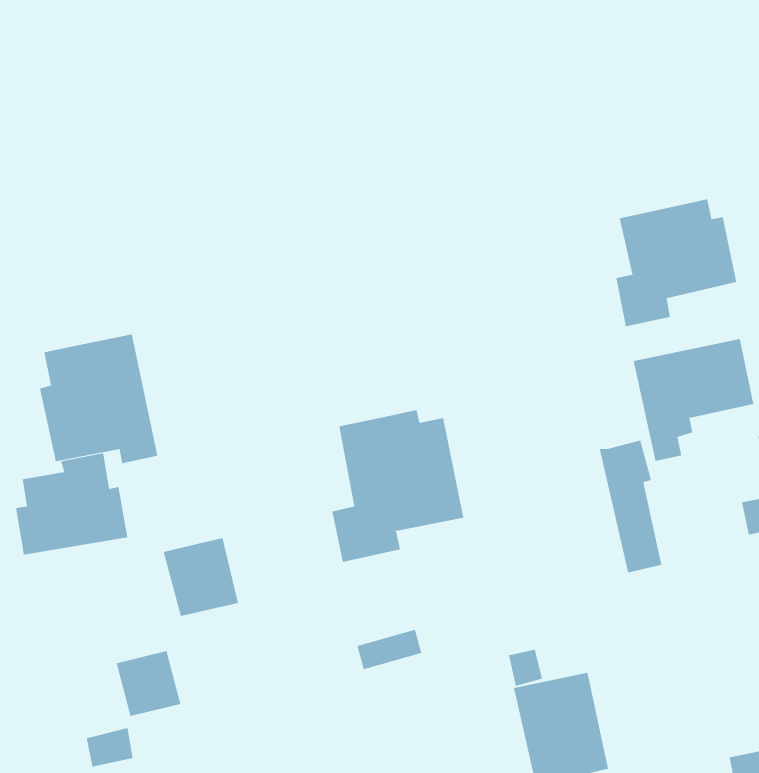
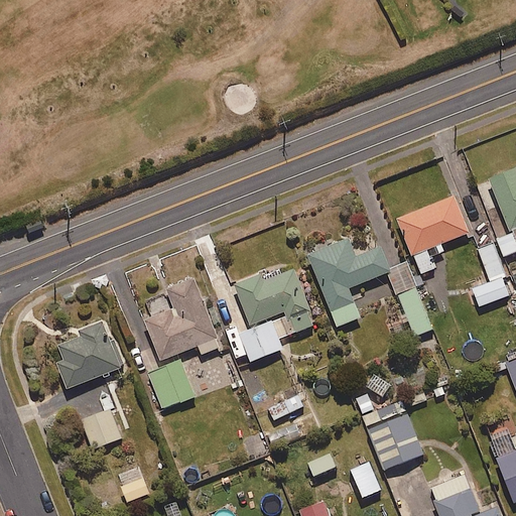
building: [616,199,737,327] -> none
building: [39,334,158,464] -> [144,279,220,360]
building: none -> [306,236,391,327]
building: [116,651,181,717] -> [80,408,121,449]

